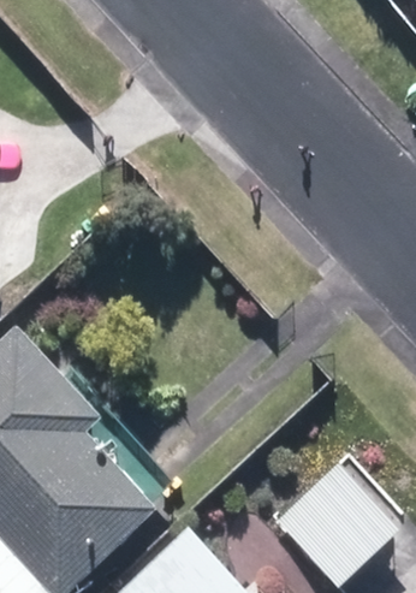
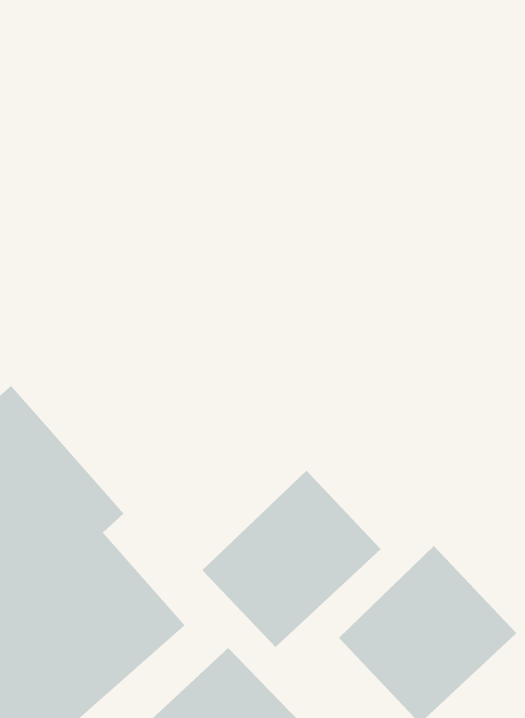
building: none -> [202,470,382,648]

